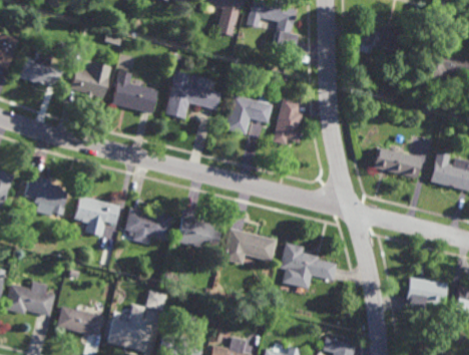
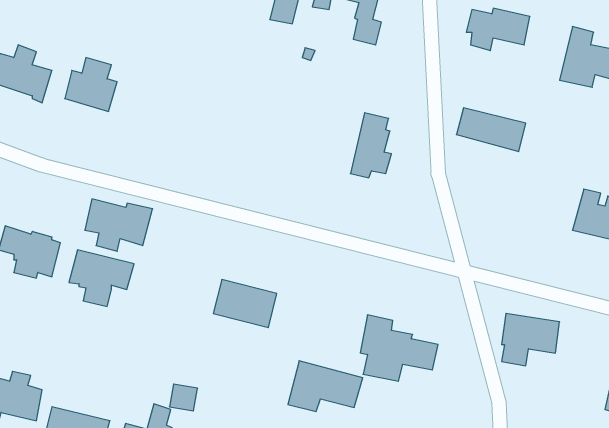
building: [111,70,157,114] -> none
building: [165,70,220,118] -> none
building: [225,92,273,134] -> none
building: [373,147,422,179] -> [456,108,526,152]
building: [125,208,173,245] -> [85,199,153,251]
building: [223,228,277,264] -> [288,361,363,412]
building: [407,278,448,315] -> [502,313,560,366]

